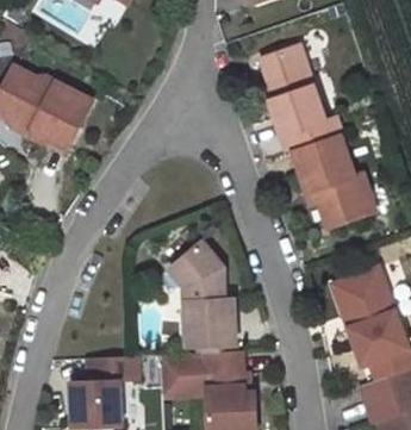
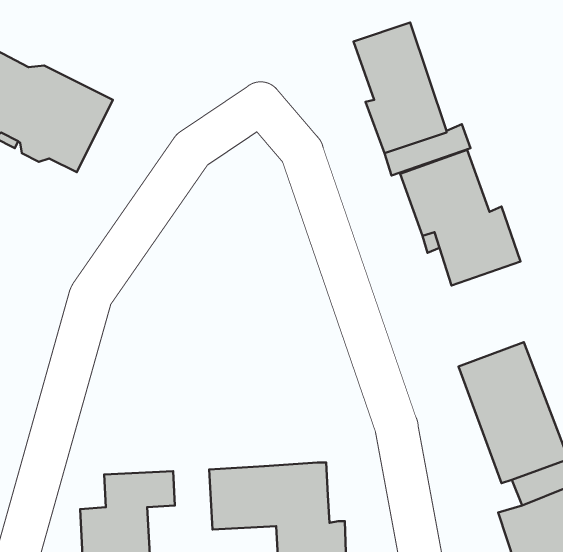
building: [168,241,235,345] -> none

